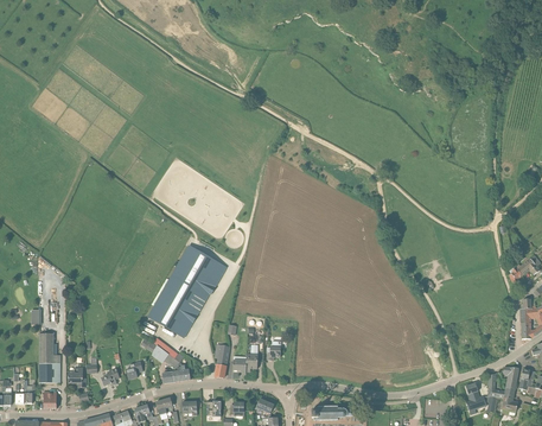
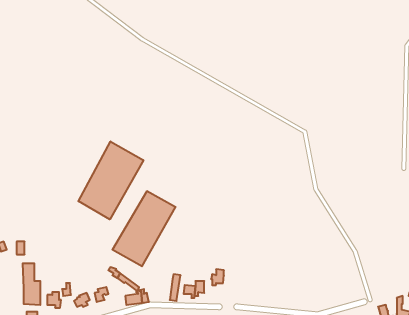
building: none -> [78,141,143,219]

